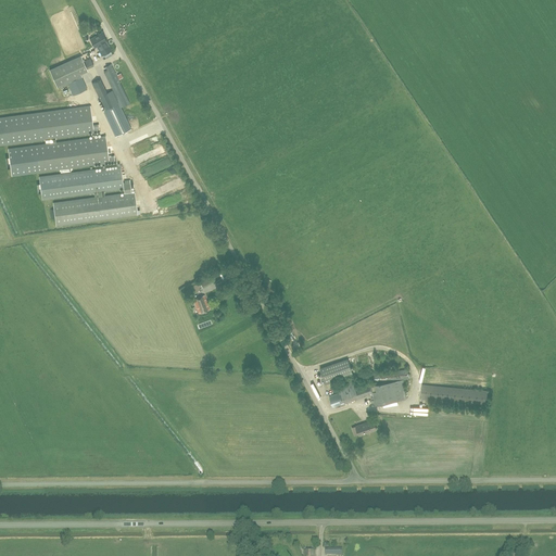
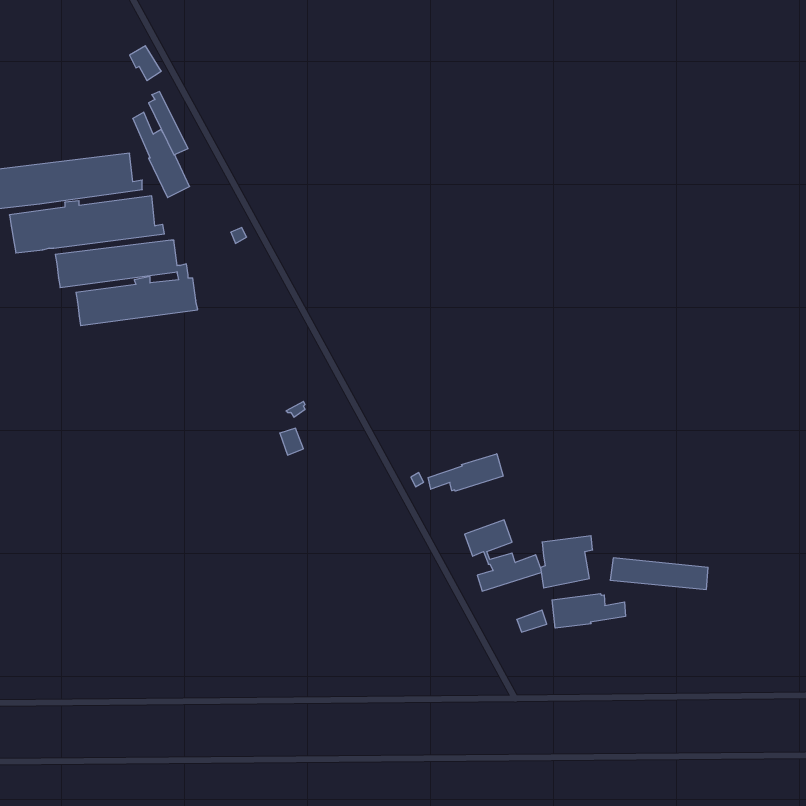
building: [48,54,92,94] -> none
building: none -> [428,454,503,491]
building: none -> [552,594,625,628]

